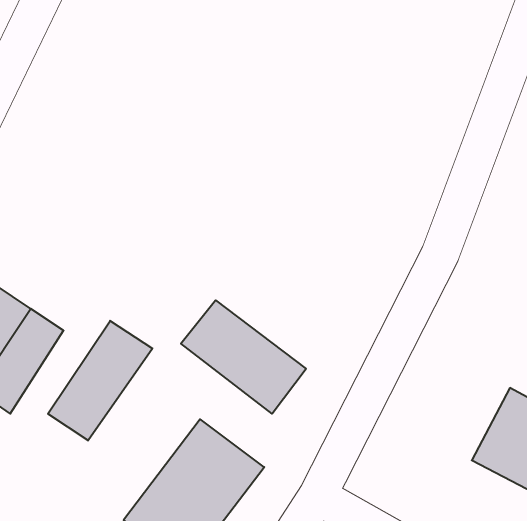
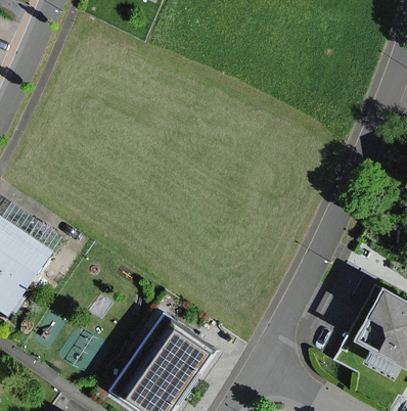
building: [181,300,306,414] -> none
building: [48,321,152,441] -> none

